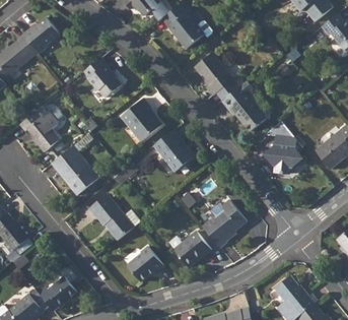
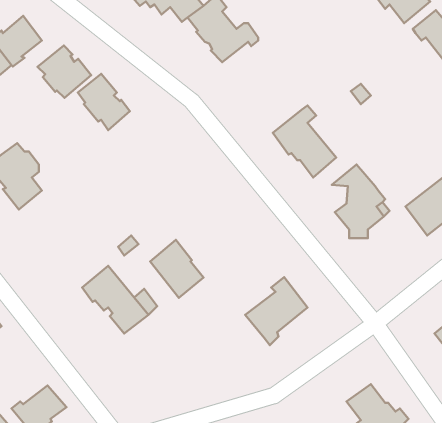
building: none -> [38,46,91,98]
building: [195,51,242,99] -> none
building: [122,98,162,140] -> none
building: [154,130,192,171] -> [150,240,203,298]
building: [52,145,97,194] -> none
building: [173,231,210,266] -> none
building: [128,245,163,280] -> none

